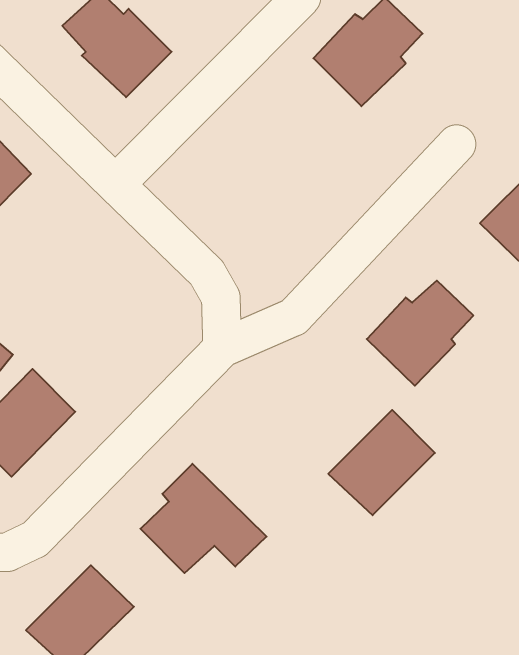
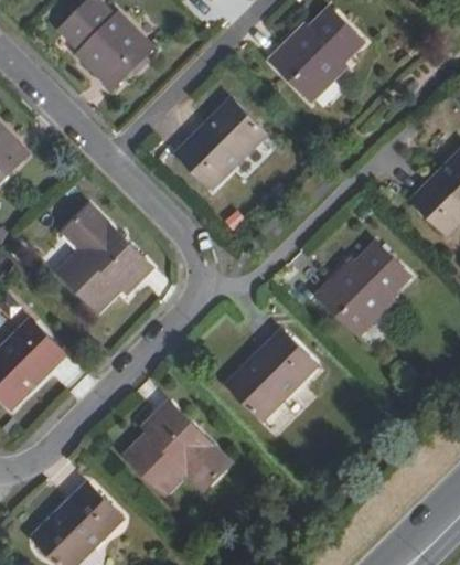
building: none -> [176,98,265,189]
building: none -> [64,207,154,311]
building: [328,410,435,515] -> [227,328,318,417]

